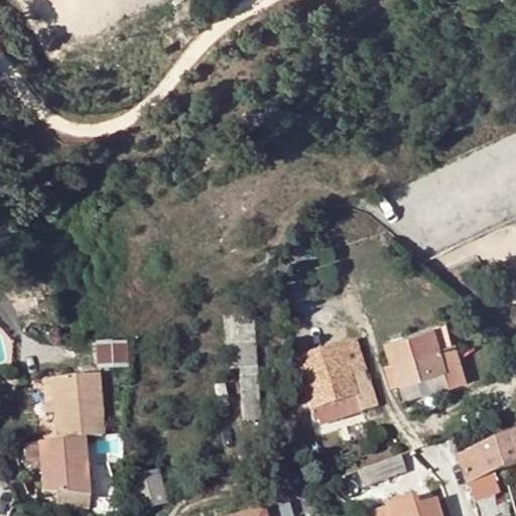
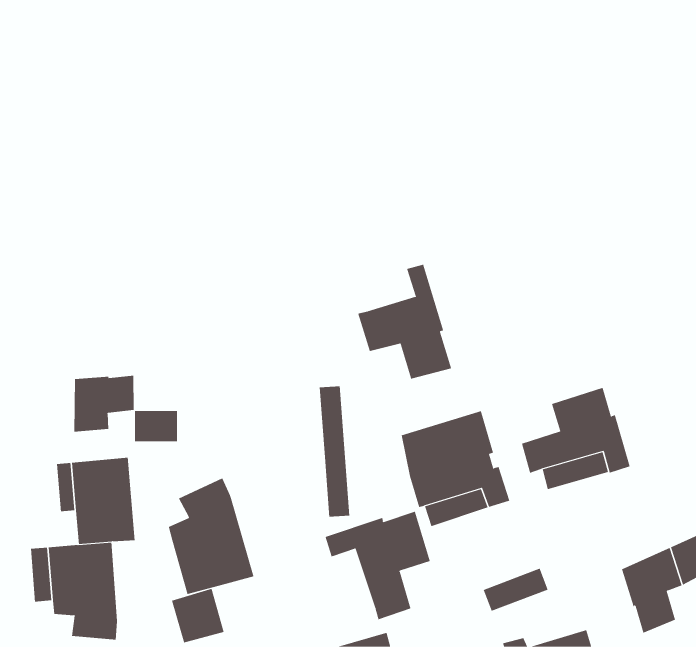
building: none -> [357,264,452,380]
building: none -> [74,375,134,433]
building: none -> [168,477,254,595]
building: none -> [325,511,431,620]

